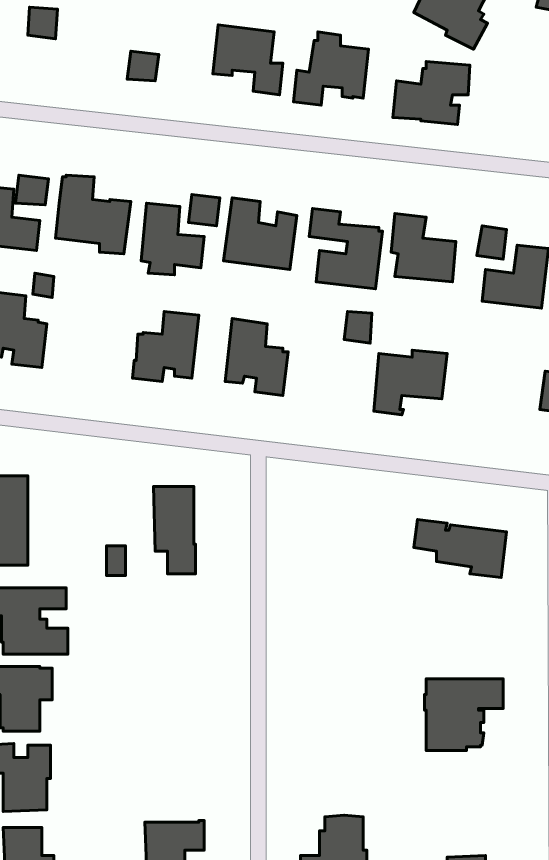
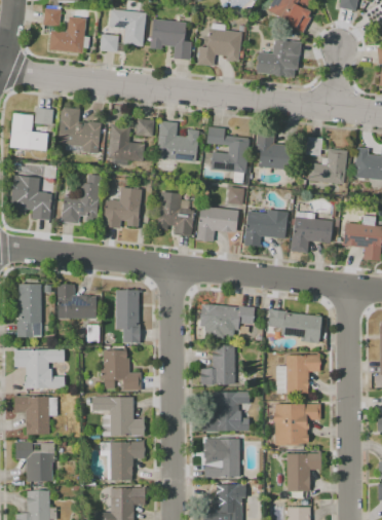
building: none -> [109,9,146,46]
building: none -> [47,16,87,53]
building: none -> [61,174,102,224]
building: none -> [197,206,239,242]
building: none -> [290,217,333,253]
building: none -> [58,284,96,319]
building: none -> [198,303,254,336]
building: none -> [200,344,234,385]
building: none -> [101,349,141,389]
building: none -> [286,352,320,393]
building: none -> [201,391,249,432]
building: none -> [92,397,144,435]
building: none -> [100,439,144,479]
building: none -> [203,439,239,477]
building: none -> [288,451,321,491]

